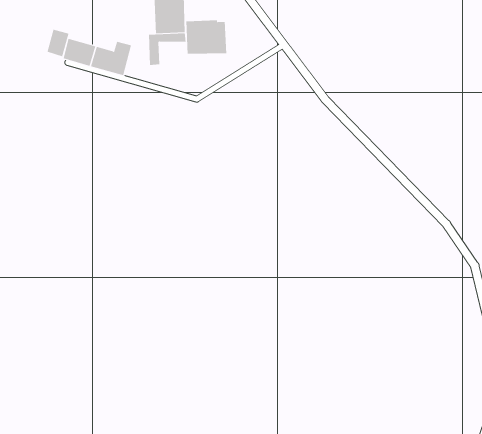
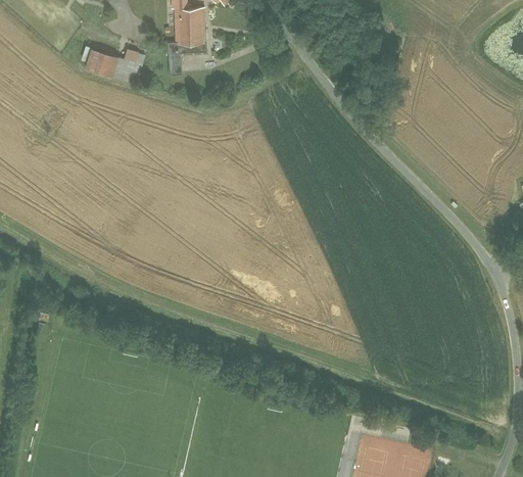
building: [186,19,227,55] -> none
building: [47,29,69,57] -> none

